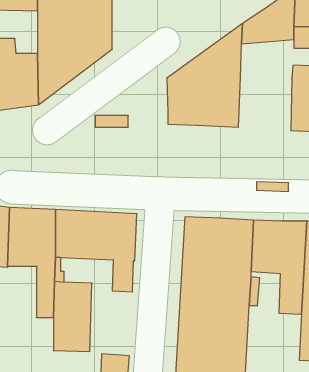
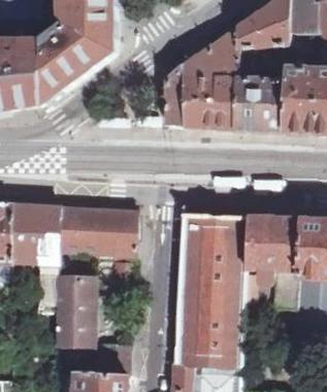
building: none -> [235,78,287,130]

